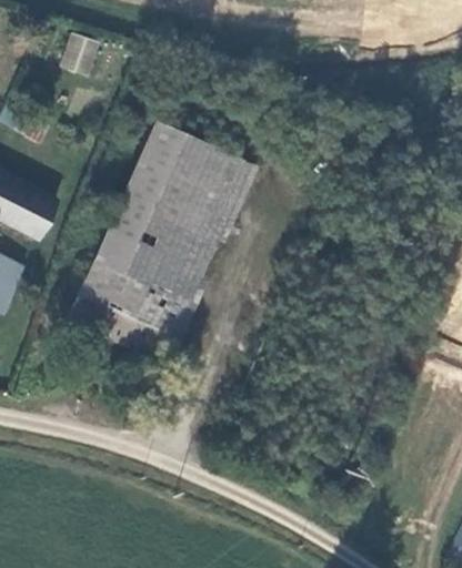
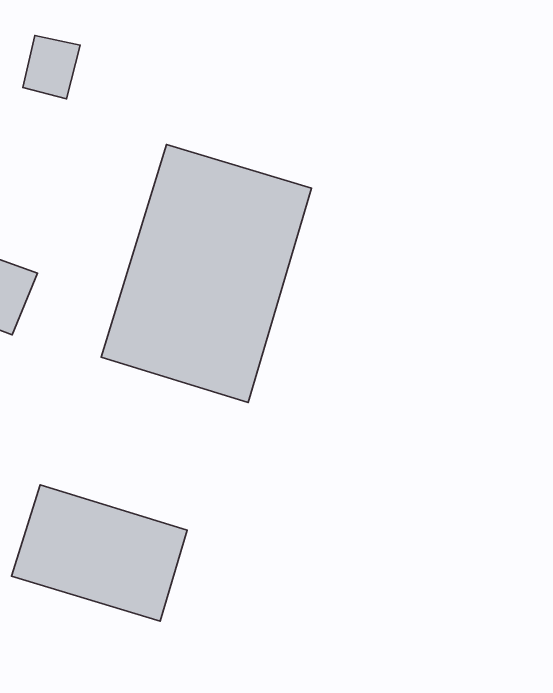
building: [69,260,192,362] -> [11,485,187,621]

